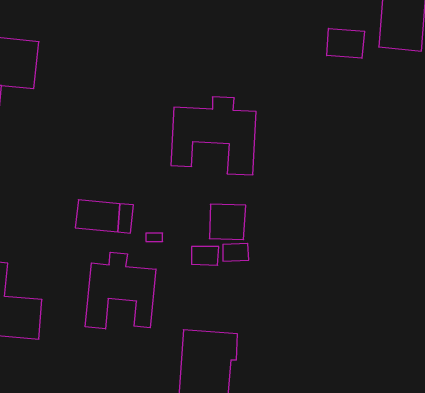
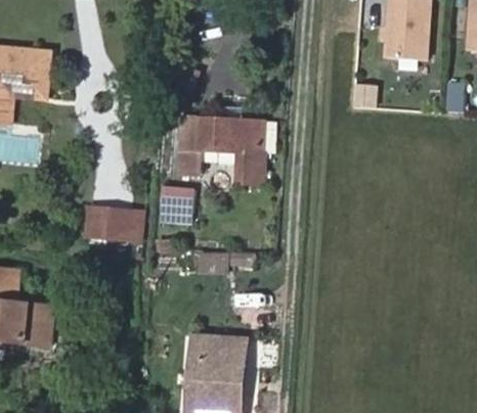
building: [327,28,365,58] -> none
building: [209,204,246,240] -> [159,188,194,223]
building: [85,252,156,329] -> none

